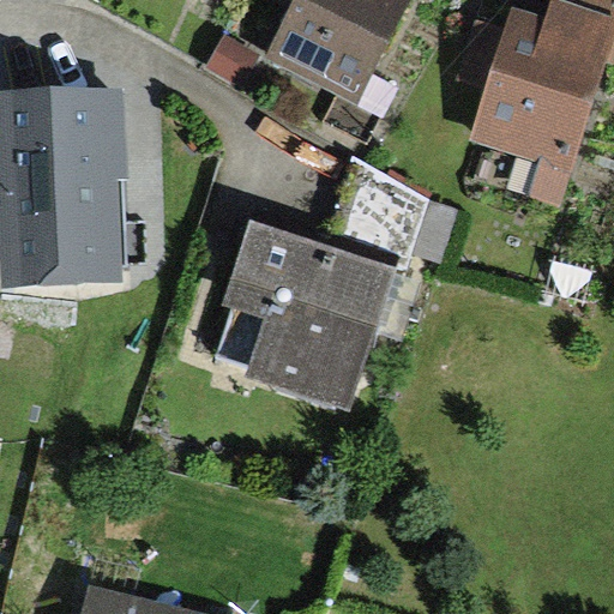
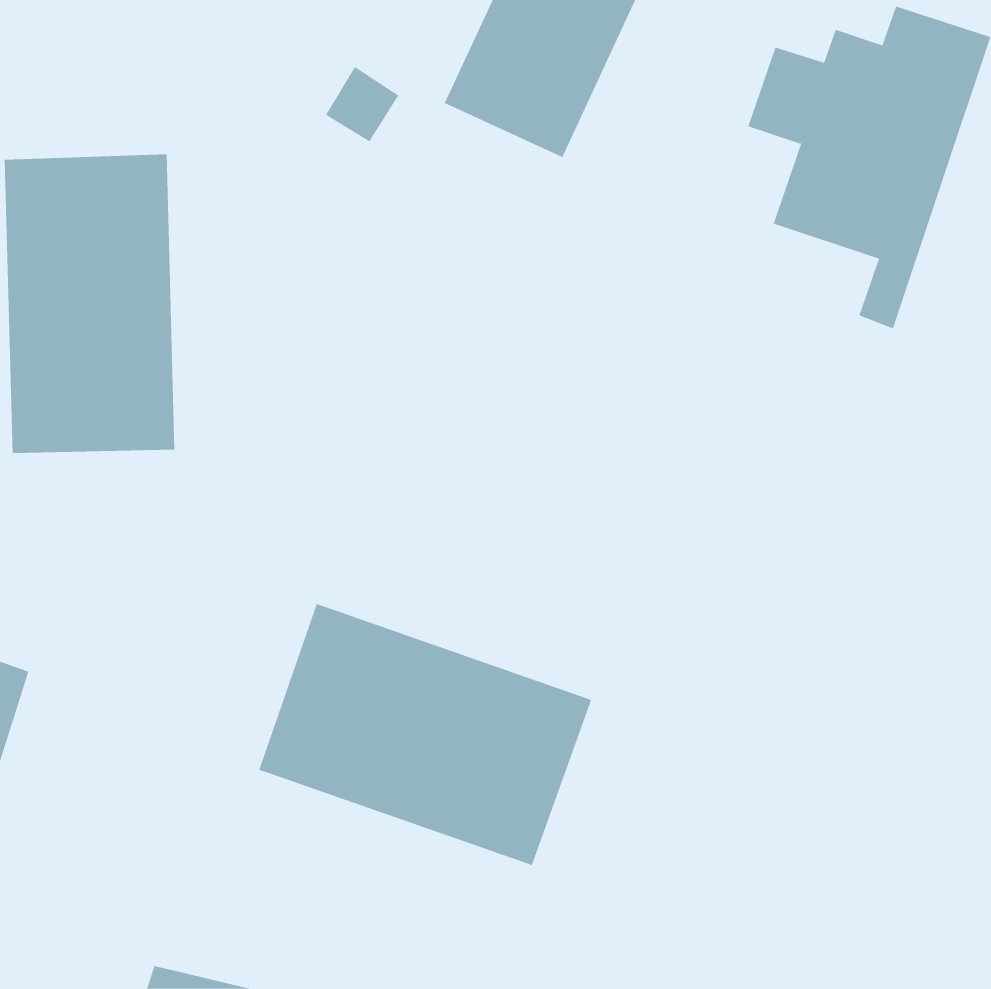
building: [224,168,443,399] -> none
building: none -> [259,603,592,866]

